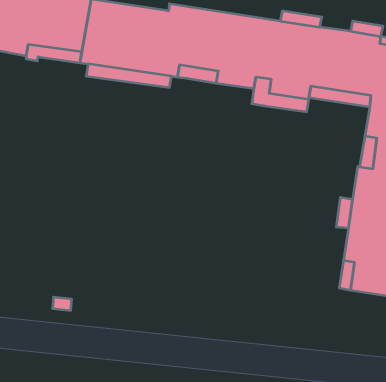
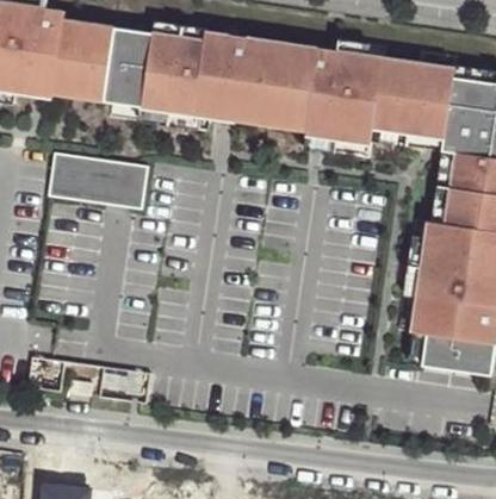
building: none -> [49,151,149,208]

